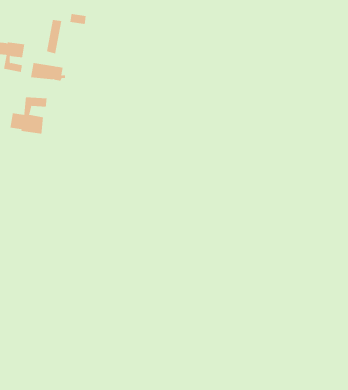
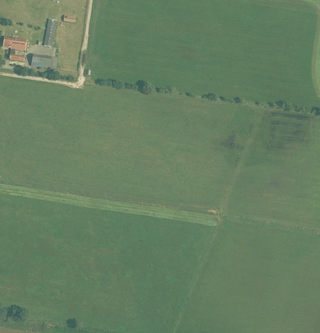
building: [10,96,47,134] -> none

